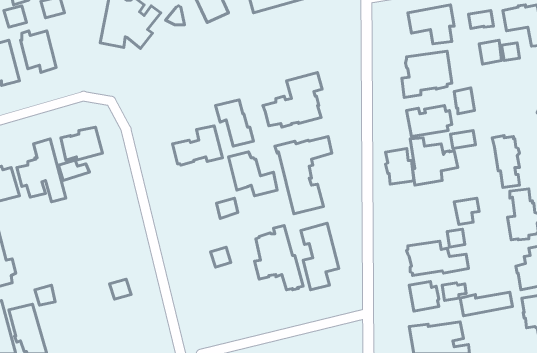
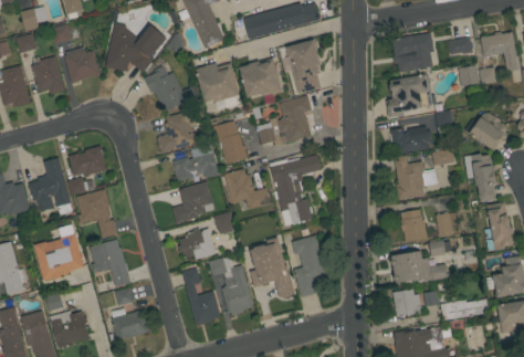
building: none -> [285,40,322,94]
building: none -> [64,48,99,83]
building: none -> [239,57,282,98]
building: none -> [196,63,242,109]
building: none -> [144,66,196,113]
building: none -> [156,111,198,154]
building: none -> [469,113,506,150]
building: [385,149,414,184] -> [400,209,427,242]
building: none -> [171,181,213,223]
building: none -> [76,189,117,239]
building: none -> [33,224,83,281]
building: none -> [178,229,216,260]
building: none -> [90,240,130,287]
building: none -> [221,265,253,315]
building: none -> [181,269,220,326]
building: none -> [111,308,149,340]
building: none -> [50,311,90,348]

